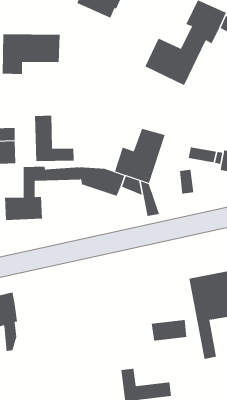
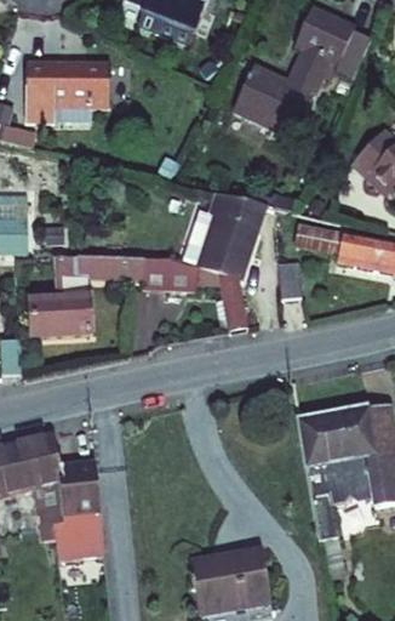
building: [34,115,74,162] -> none
building: none -> [34,460,87,557]
building: [151,320,187,341] -> [217,554,271,587]

